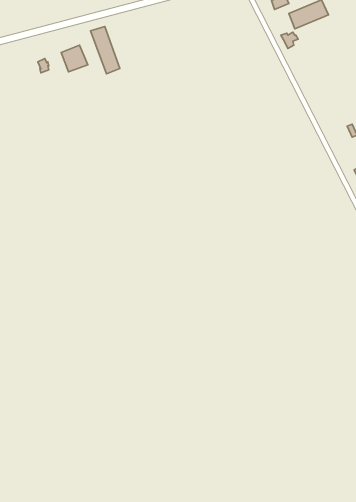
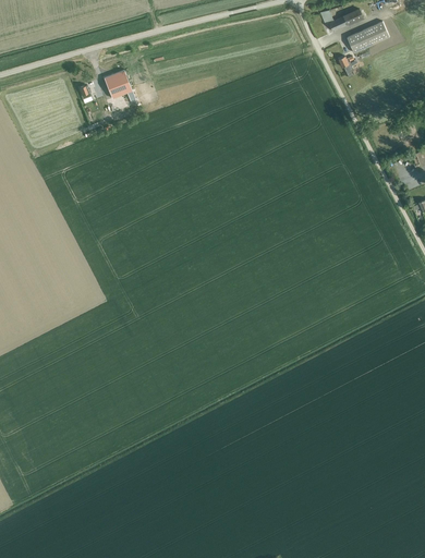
building: [91,26,120,74] -> none

